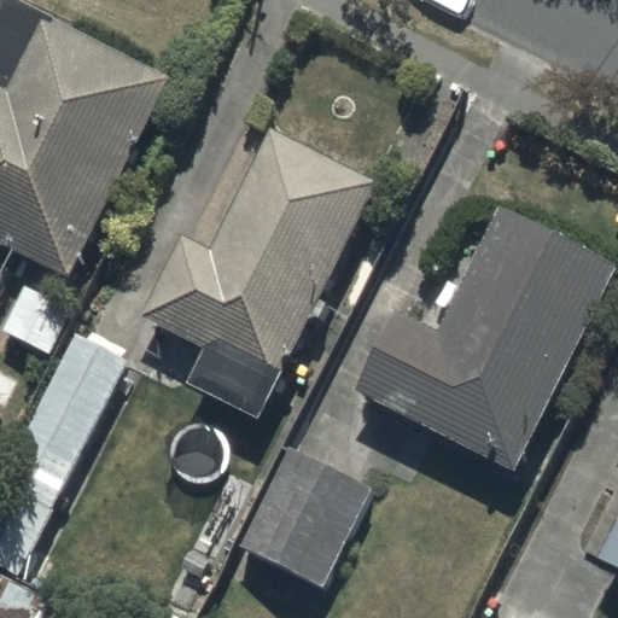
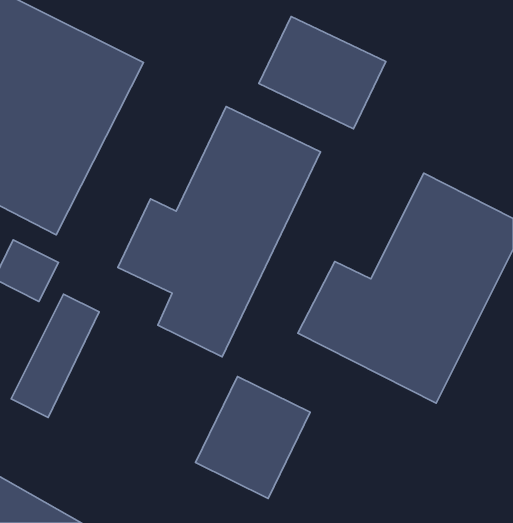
building: none -> [259,16,386,129]

